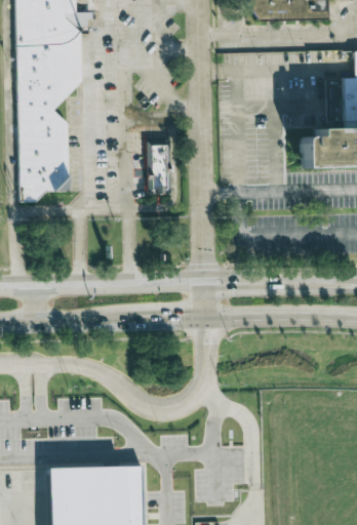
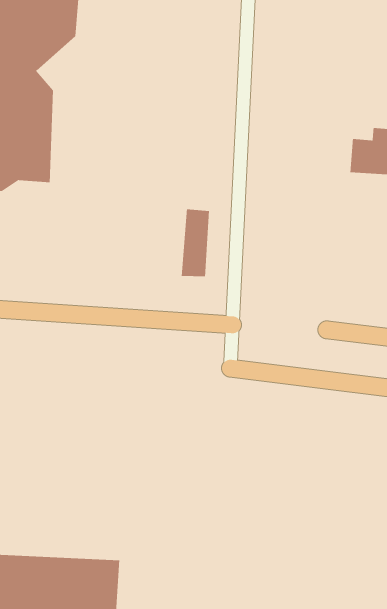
building: [151,143,169,193] -> [181,209,210,277]

